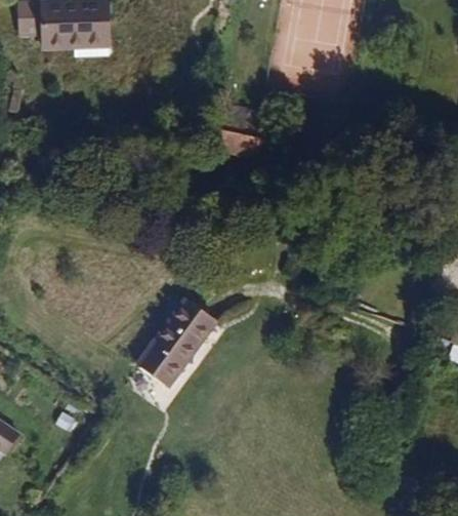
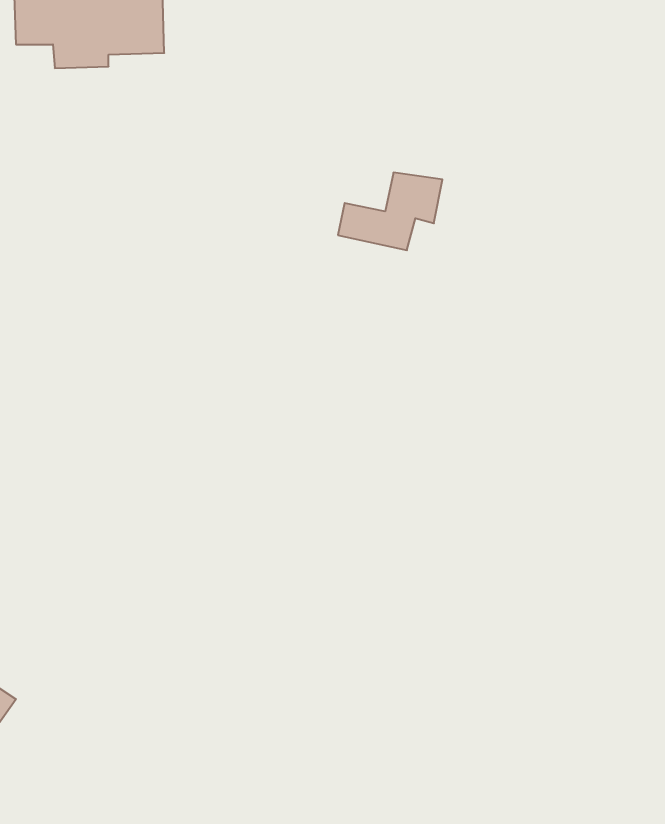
building: [139,300,217,387] -> none

